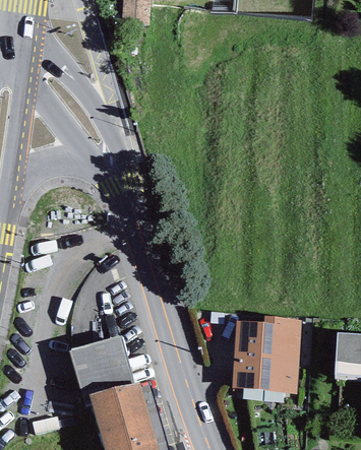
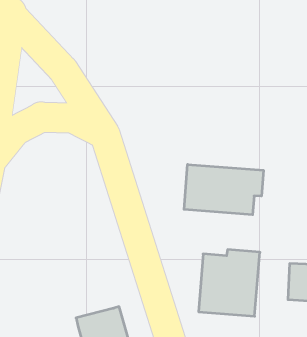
building: none -> [184,164,263,215]
building: [69,335,133,406] -> none

